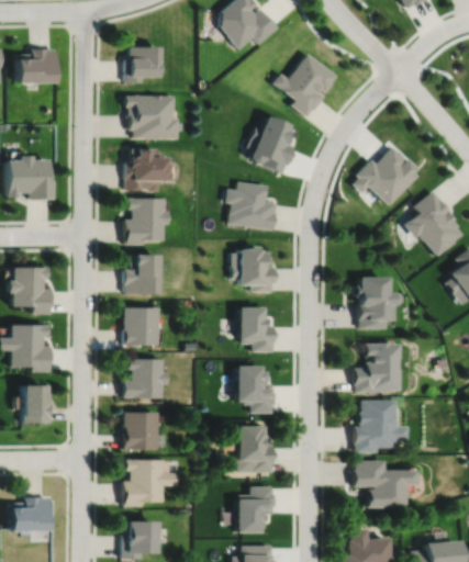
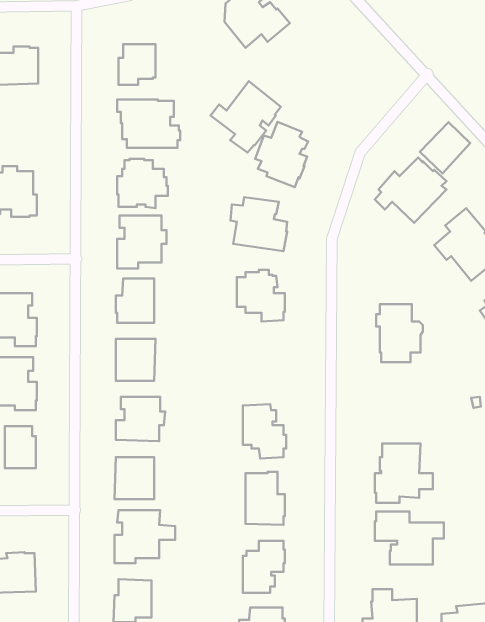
building: [273,52,336,115] -> [211,81,281,153]
building: none -> [420,122,470,173]
building: [238,307,275,351] -> none
building: [354,342,399,393] -> none

